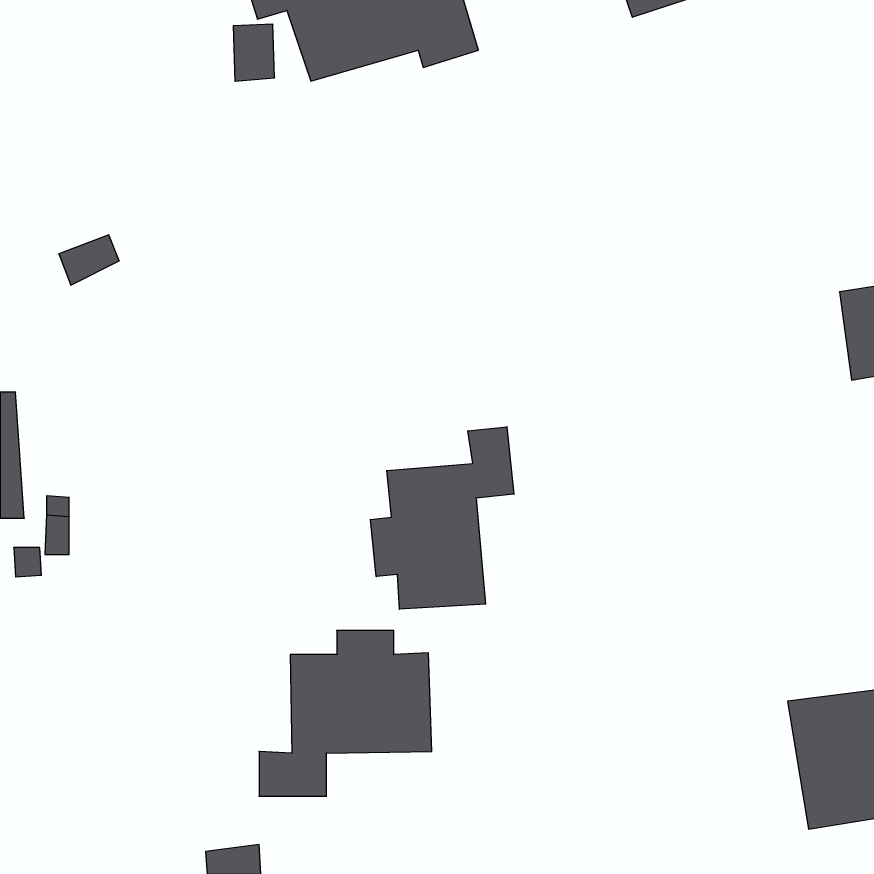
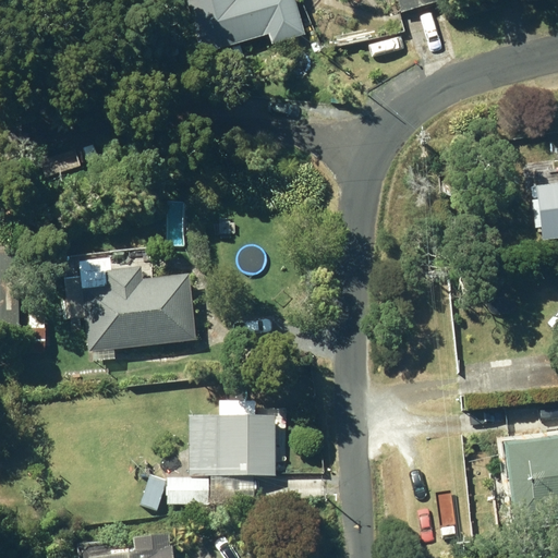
building: none -> [81,265,196,349]
building: [370,427,514,609] -> none

